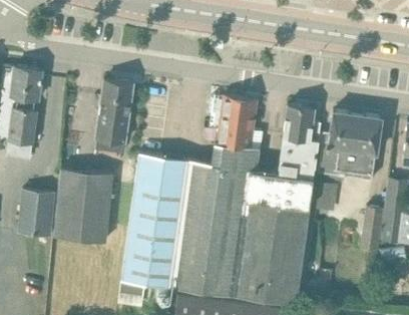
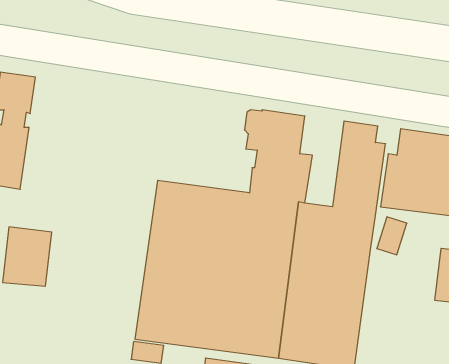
building: [53,78,133,241] -> none

